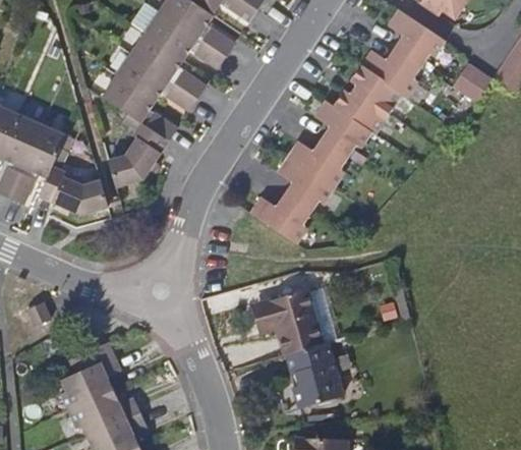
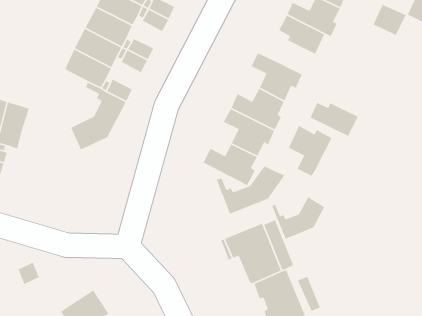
building: [330,91,384,133] -> [309,102,359,137]
building: [40,137,106,209] -> none
building: none -> [288,125,332,177]
building: none -> [216,166,286,215]
building: none -> [271,196,325,240]

